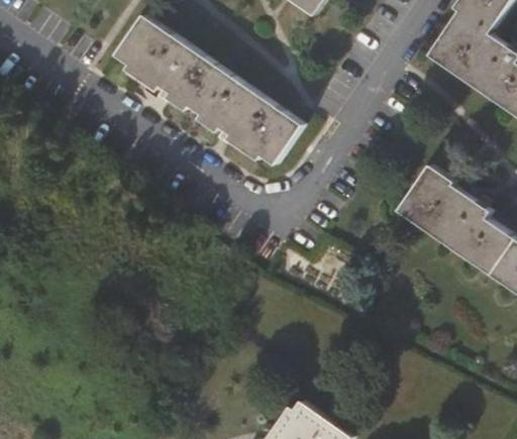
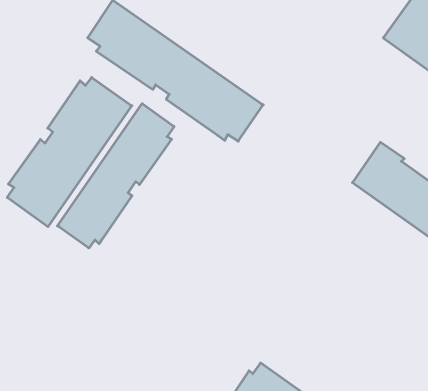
building: none -> [7,77,132,227]
building: none -> [57,104,174,248]

